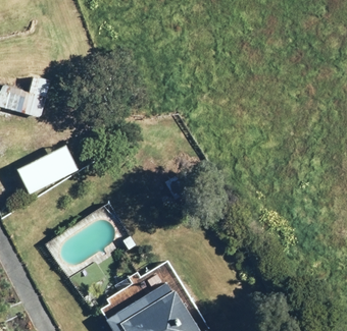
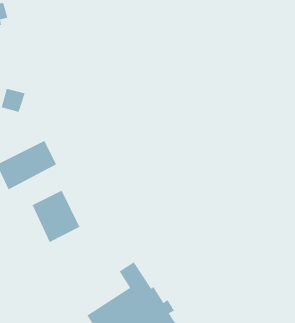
building: none -> [32,190,80,243]

